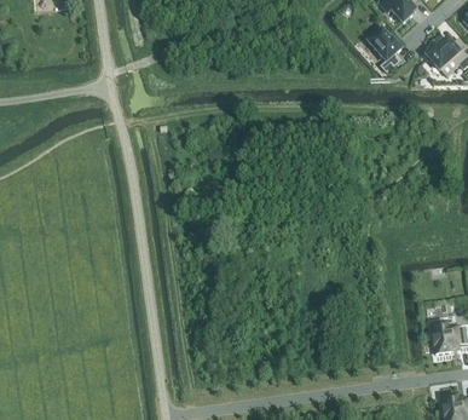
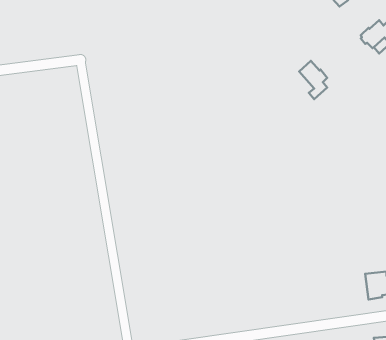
building: [368,30,399,74] -> [299,61,327,99]

